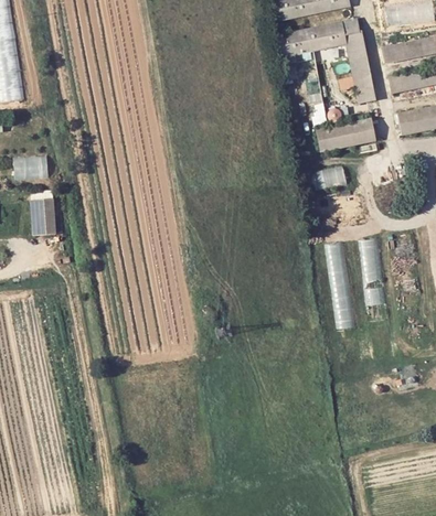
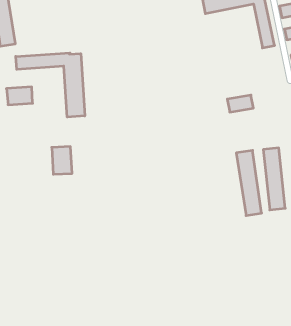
building: none -> [16,53,85,117]
building: [316,118,376,151] -> none
building: [29,197,56,235] -> [52,147,72,174]

